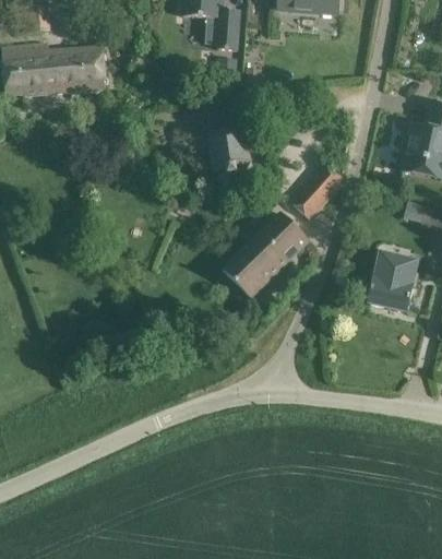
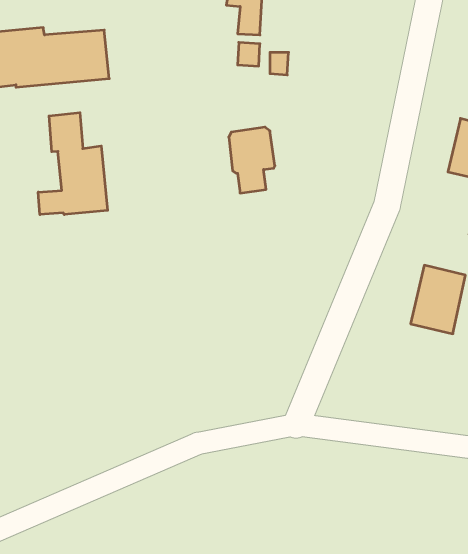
building: none -> [38,113,108,215]
building: [291,162,346,217] -> none
building: [223,210,310,296] -> none

